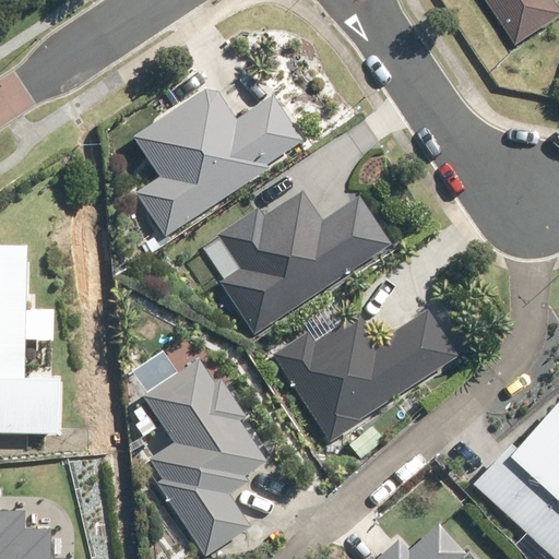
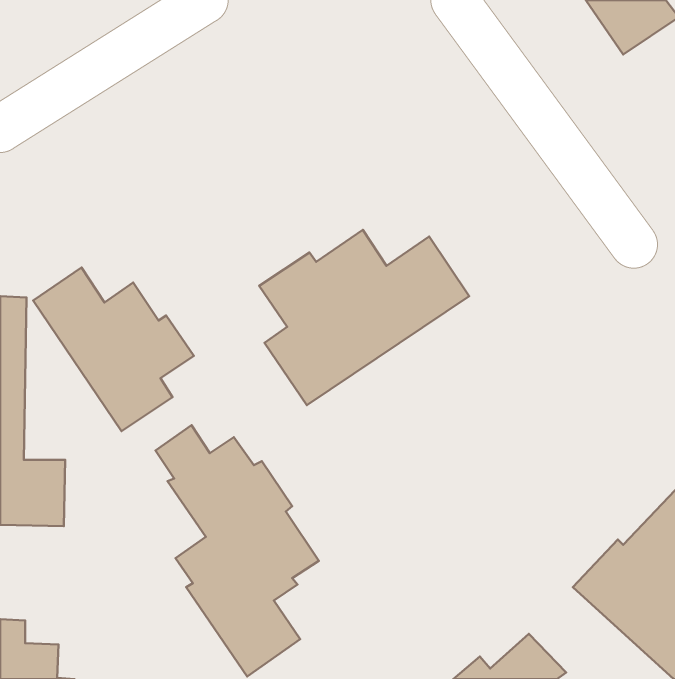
building: [132,88,301,236] -> none
building: none -> [33,268,194,431]
building: [273,309,456,441] -> none

